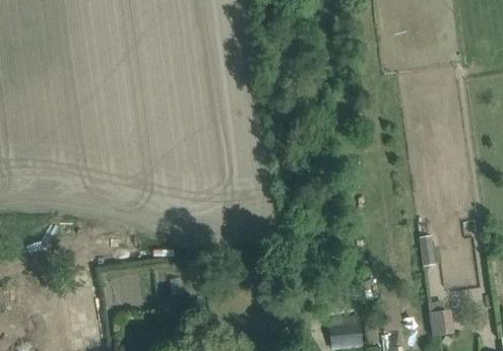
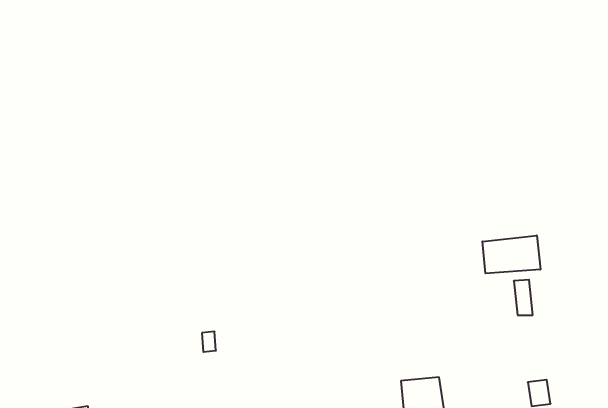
building: none -> [482,235,540,273]

